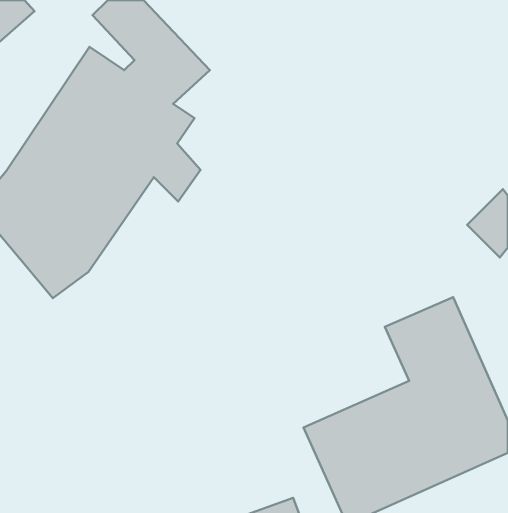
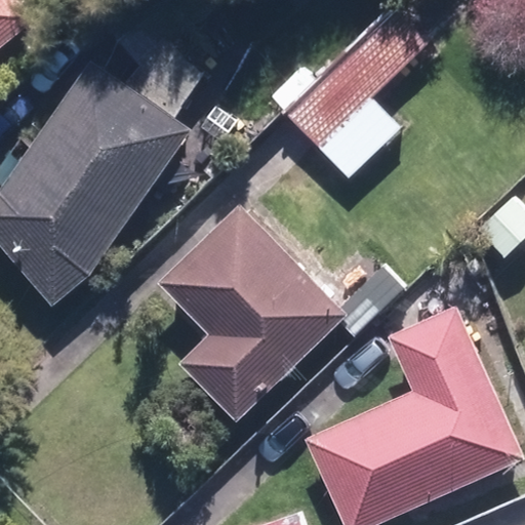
building: none -> [268,16,425,184]
building: none -> [158,204,347,421]

